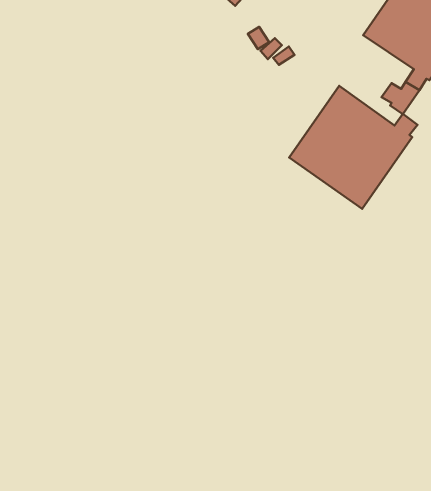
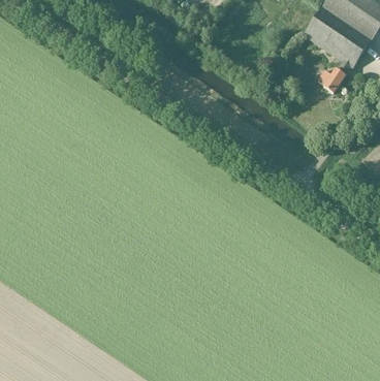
building: [289,86,417,209] -> none

